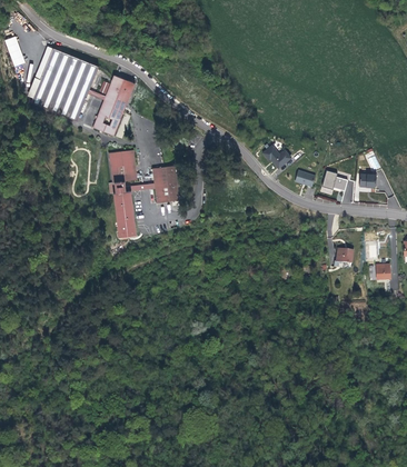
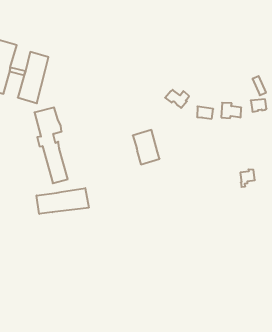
building: [151,169,178,207] -> [133,130,160,164]
building: none -> [37,188,89,214]

